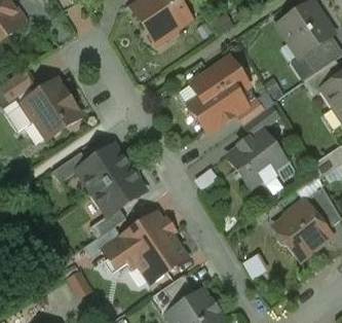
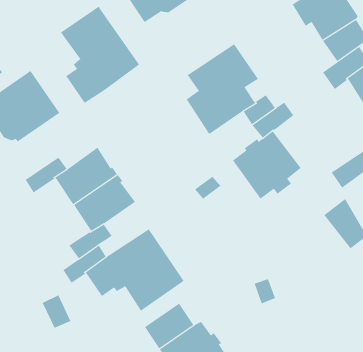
building: none -> [60,6,140,104]
building: [275,200,331,259] -> none

